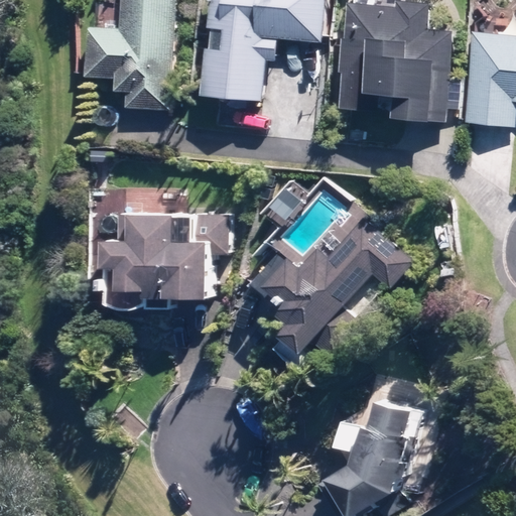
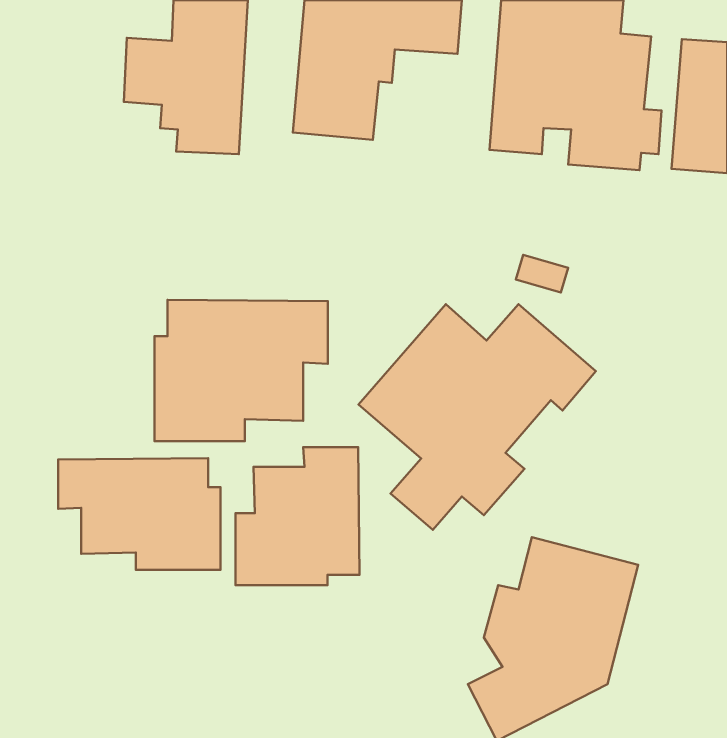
building: none -> [236,447,360,585]
building: none -> [58,458,220,570]

